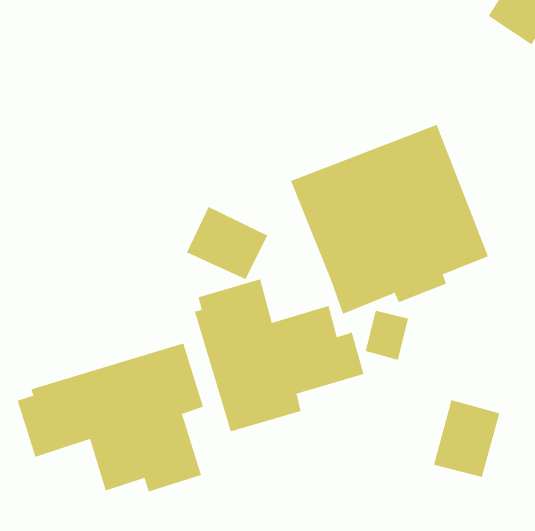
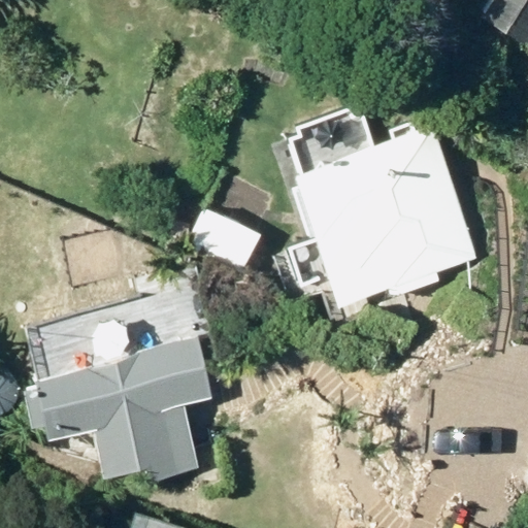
building: [194,278,364,432] -> none

